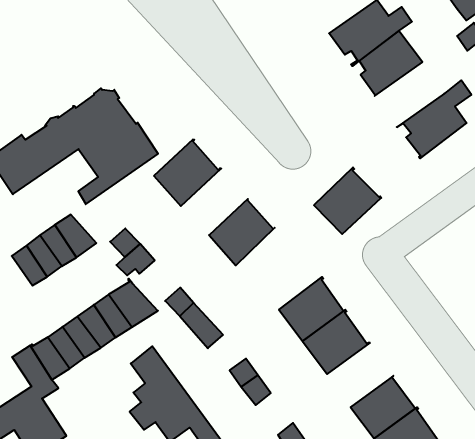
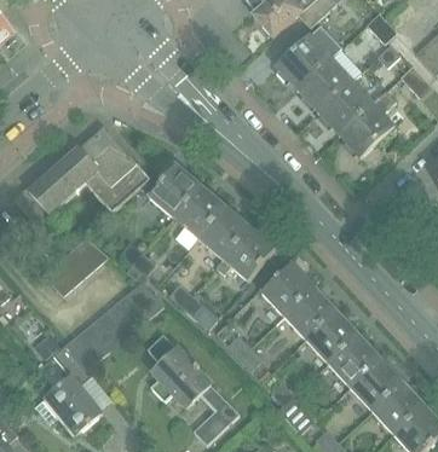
building: none -> [317,80,373,134]
building: [314,167,381,234] -> [221,226,275,280]
building: none -> [172,184,225,238]
building: none -> [305,309,358,363]

